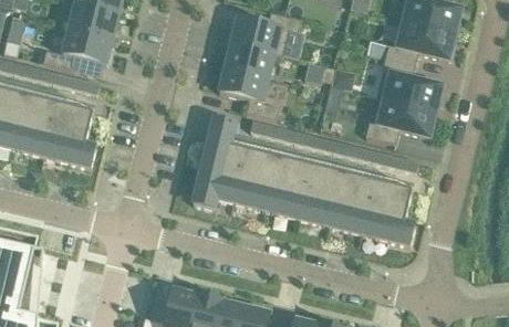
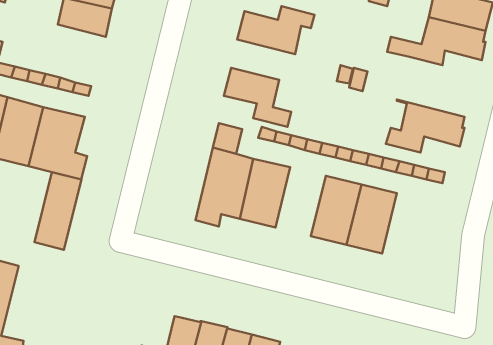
building: [42,28,112,68] -> none
building: [225,41,282,77] -> none
building: [374,56,440,110] -> none
building: [264,156,310,218] -> none
building: none -> [34,172,81,250]
building: [361,179,414,245] -> none

